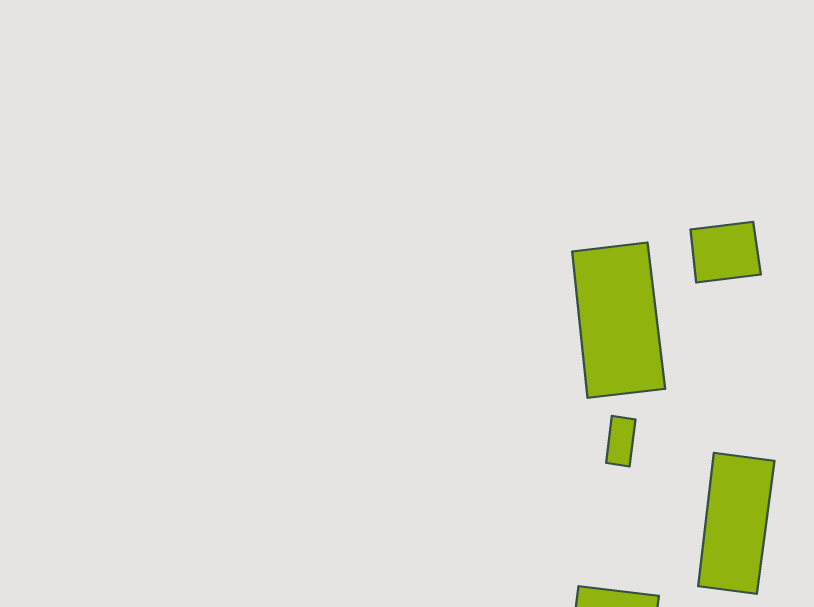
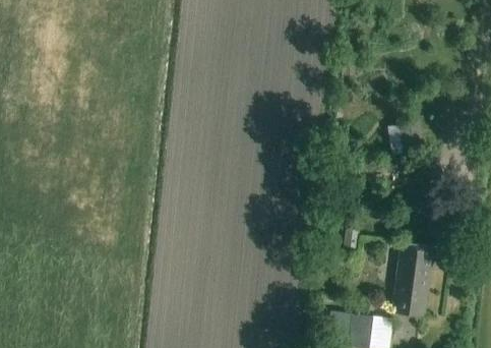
building: [572,242,665,398] -> none

